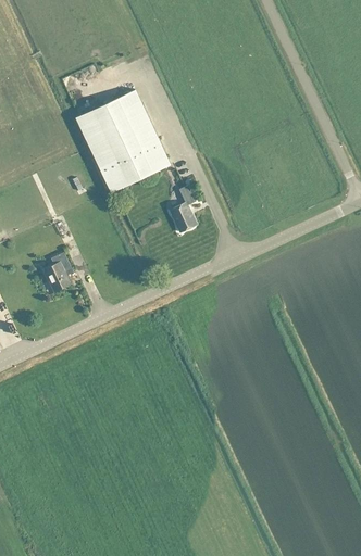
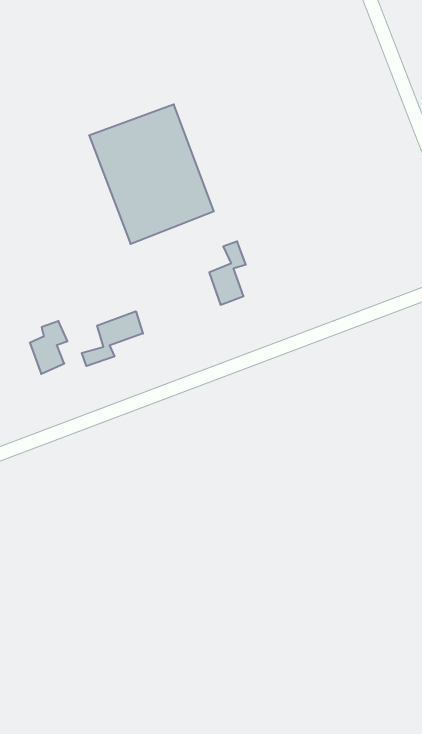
building: none -> [82,311,143,366]

